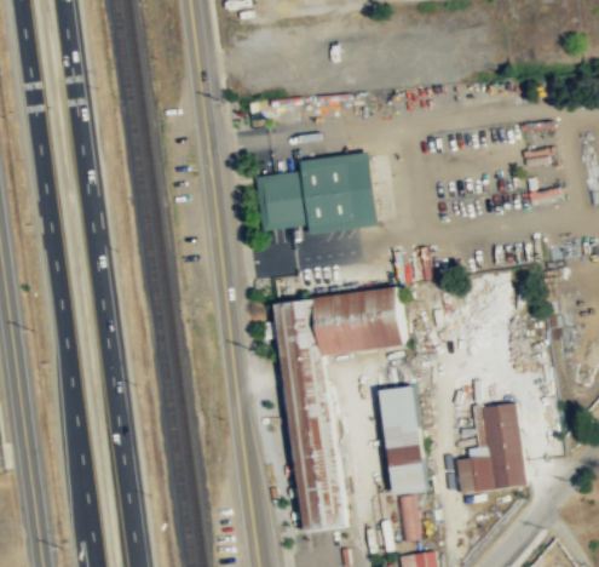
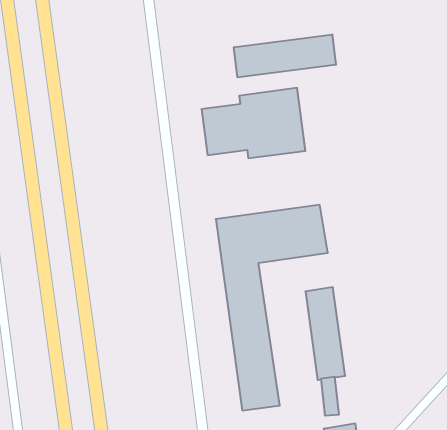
building: none -> [234,34,336,77]
building: [456,402,529,496] -> none

